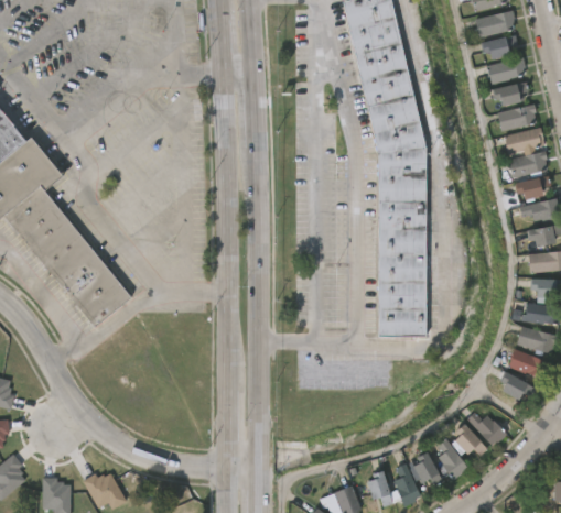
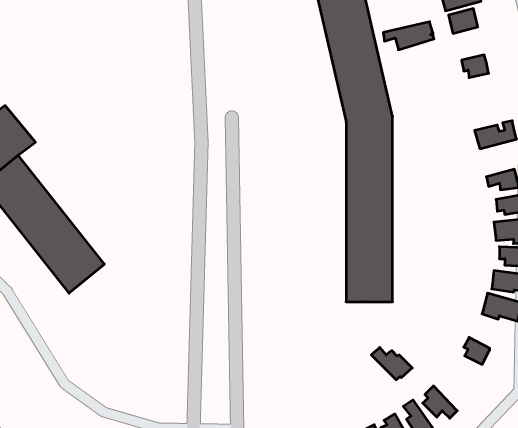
building: [477,56,529,85] -> [383,22,434,50]
building: [498,102,538,131] -> none
building: [505,127,544,154] -> none
building: [516,177,546,200] -> none
building: [505,347,548,378] -> none
building: [466,411,508,444] -> [371,347,412,380]

